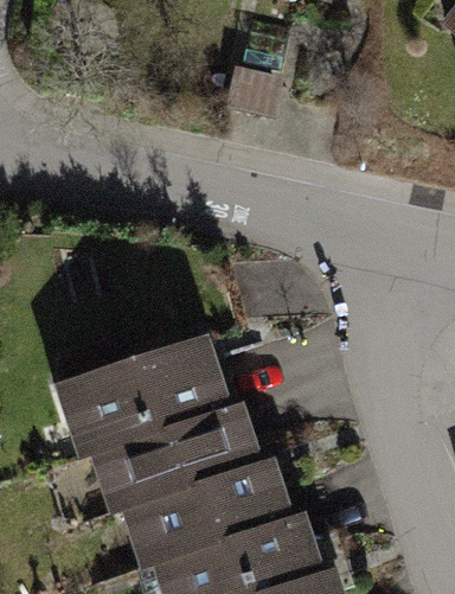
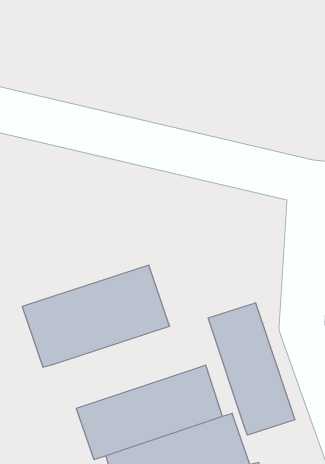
building: none -> [208,303,295,435]
building: [91,405,262,511] -> none

